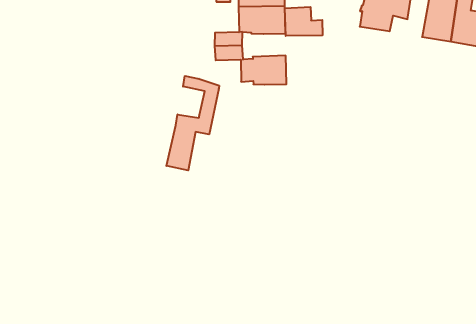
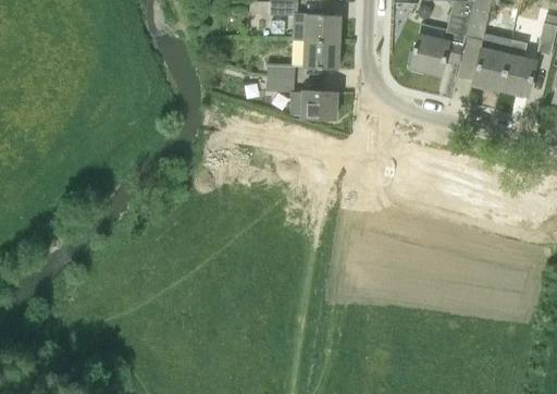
building: [285,7,322,36] -> none
building: [166,76,219,170] -> none

